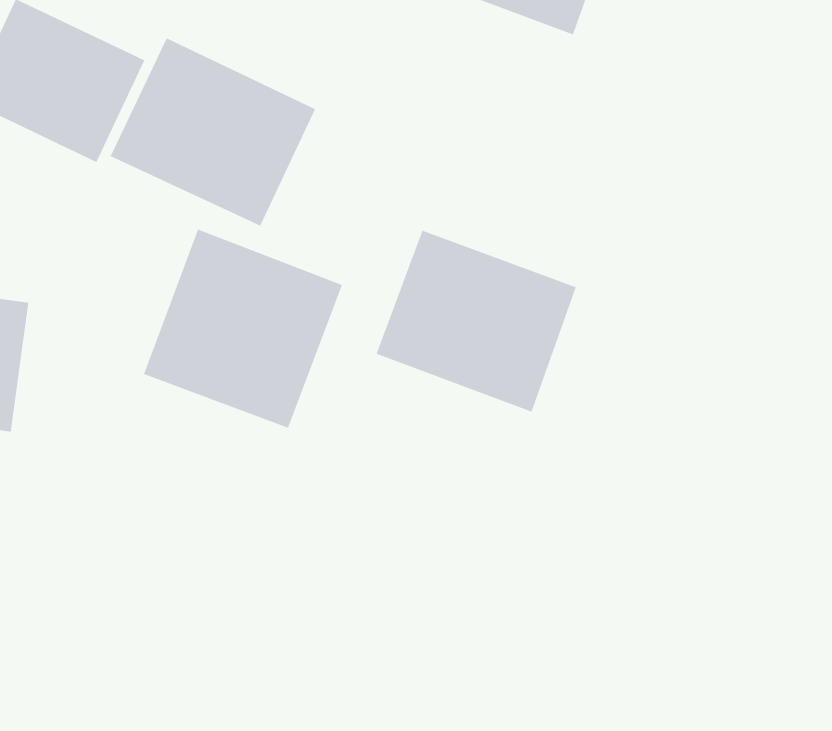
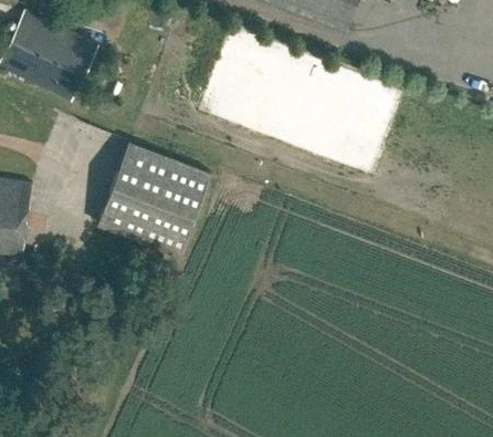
building: [110,38,316,227] -> none
building: [376,230,577,413] -> none

